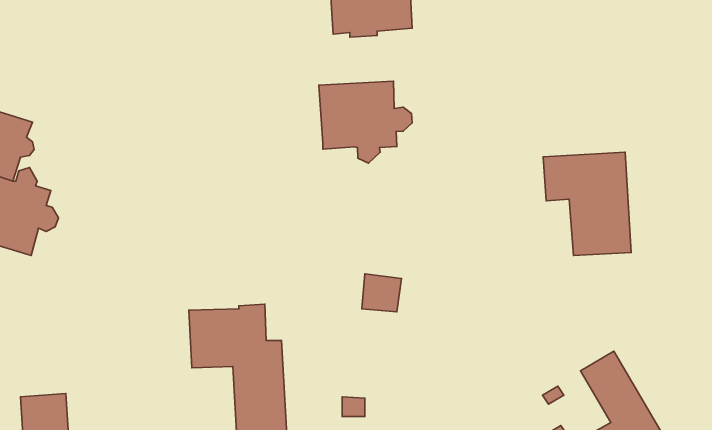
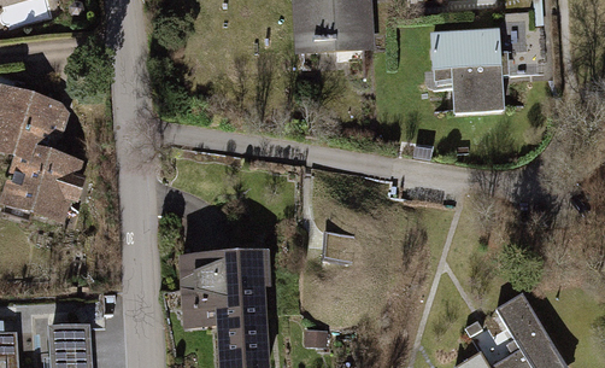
building: [319,81,412,163] -> none
building: [543,152,631,255] -> [431,29,501,111]

